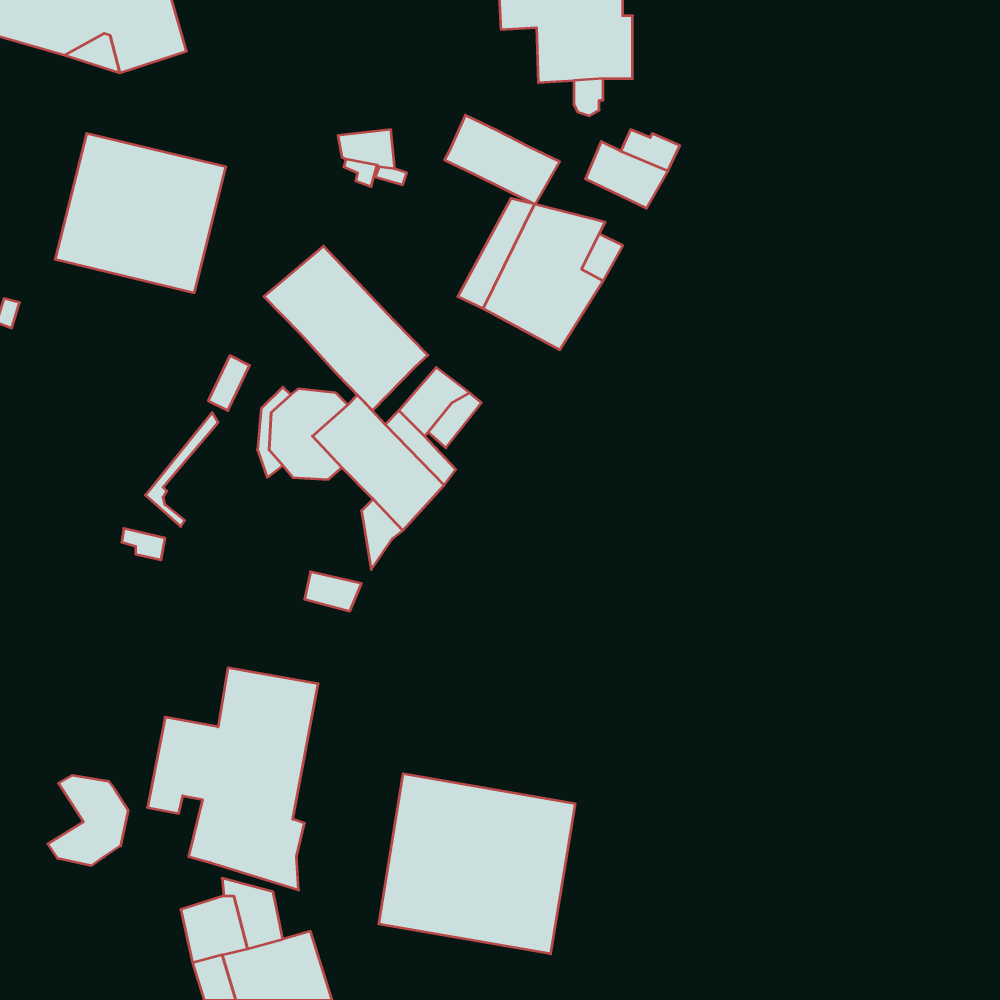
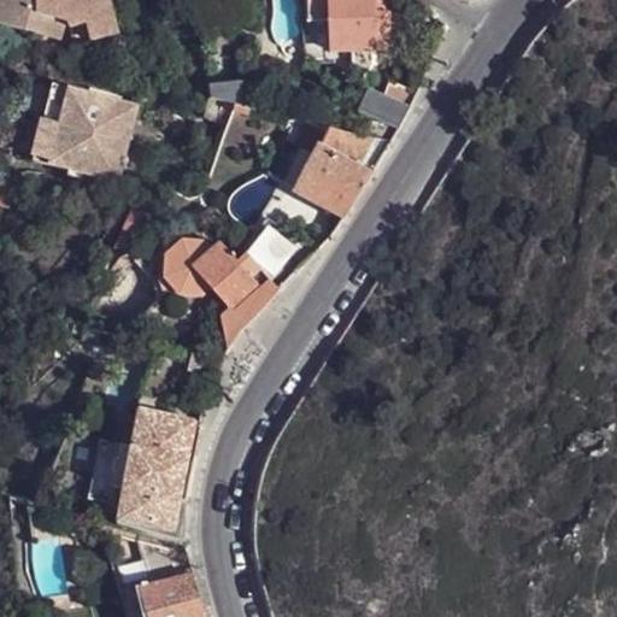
building: [445,115,560,204] -> none
building: [264,246,428,410] -> none
building: [379,774,575,954] -> none
building: [48,775,128,866] -> none

